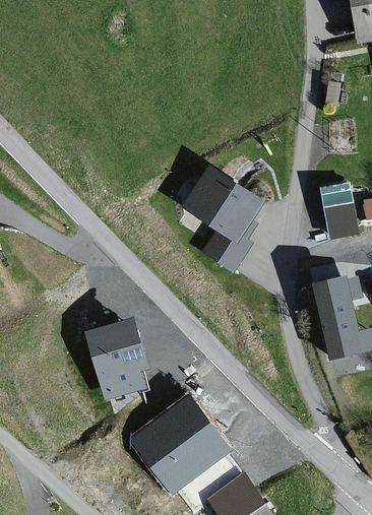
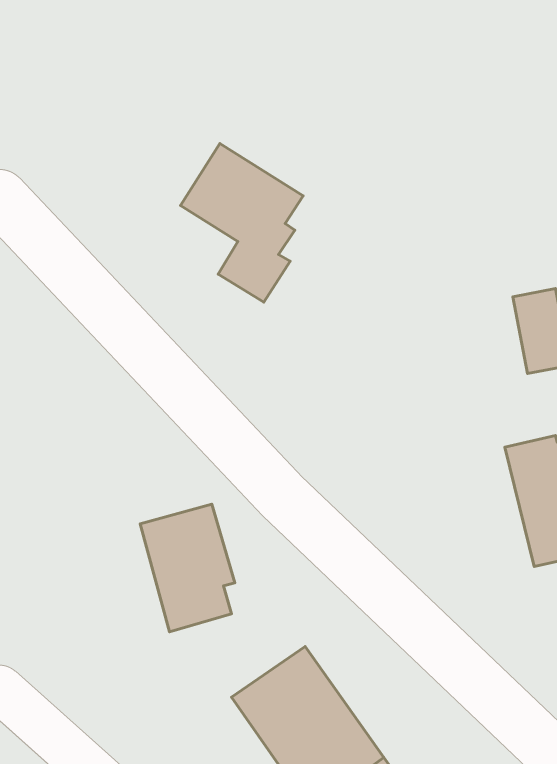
building: [182,170,258,268] -> [180,144,303,302]

